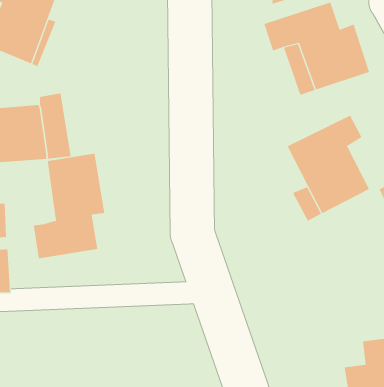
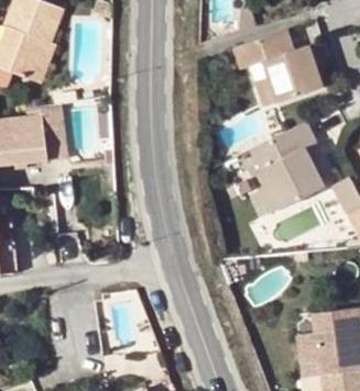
building: [33,153,105,259] -> none

